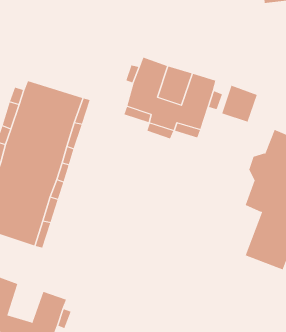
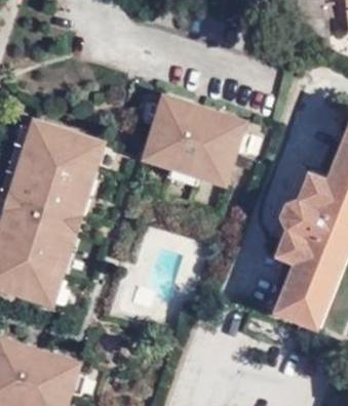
building: [222,85,258,122] -> none
building: none -> [11,346,50,389]

